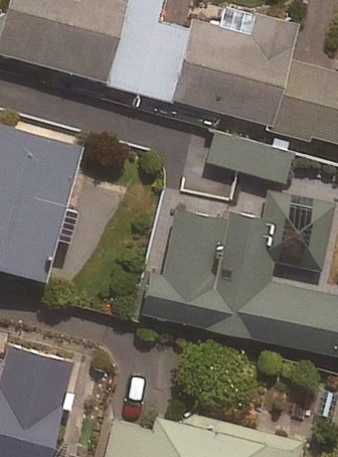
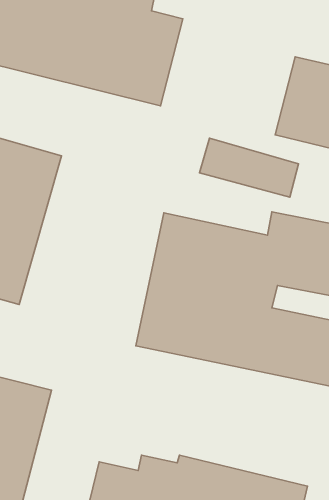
building: [170,14,299,127] -> none

